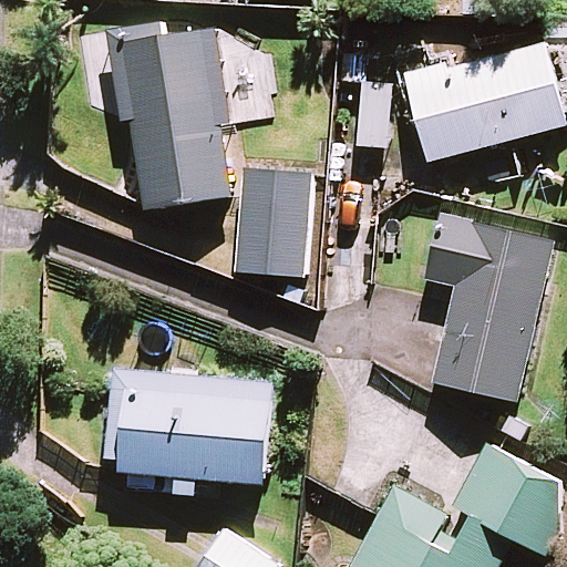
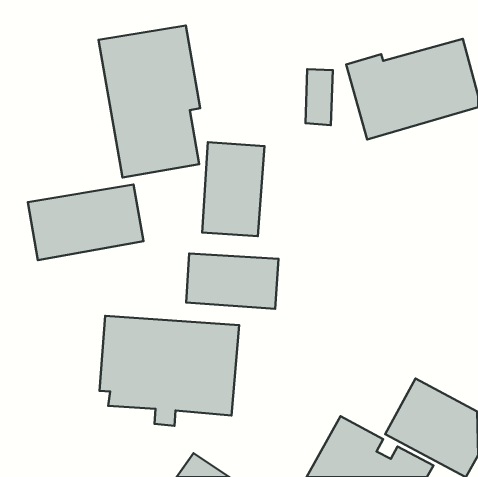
building: [423,215,550,400] -> none
building: none -> [28,184,143,260]
building: none -> [186,253,278,309]

